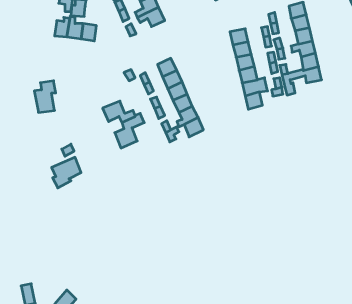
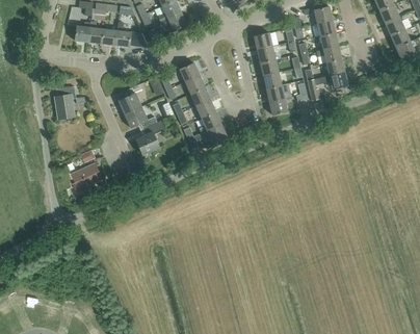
building: none -> [115,21,143,46]
building: none -> [119,83,142,113]

